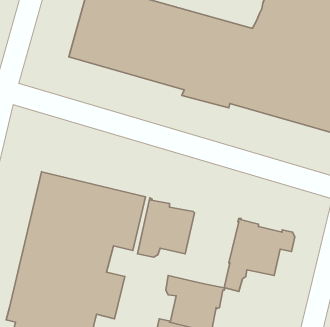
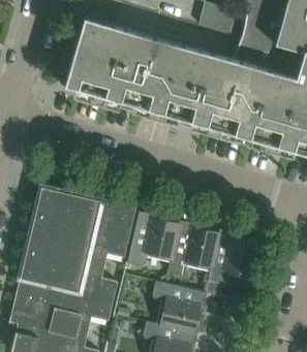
building: none -> [167,221,219,275]

